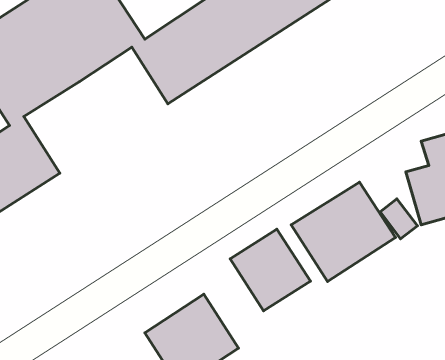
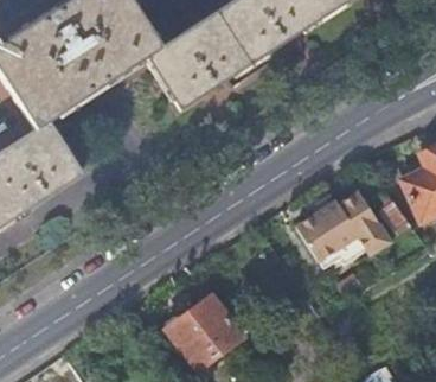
building: [230,229,310,311] -> none

